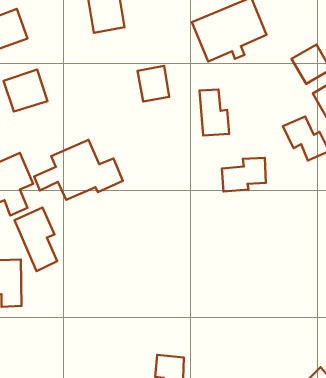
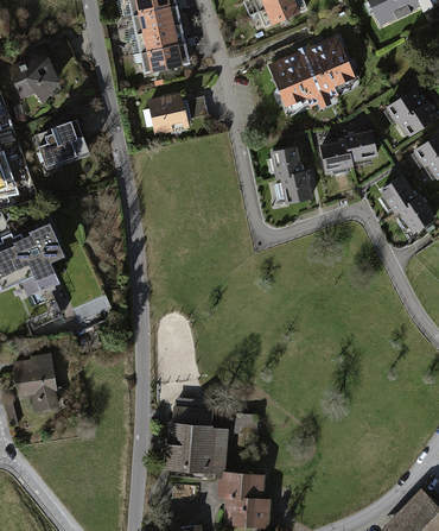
building: [137,66,169,102] -> [149,93,189,137]
building: [34,140,123,200] -> none
building: [222,158,266,192] -> [322,129,376,171]
building: [14,208,57,271] -> none
building: none -> [159,405,224,478]

